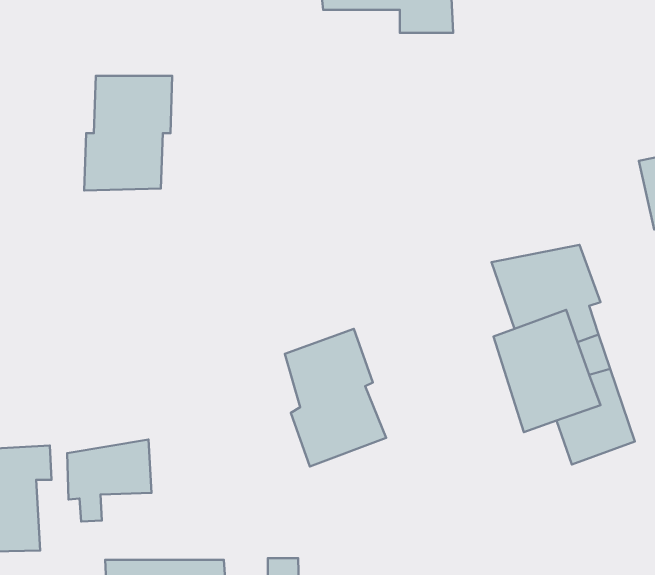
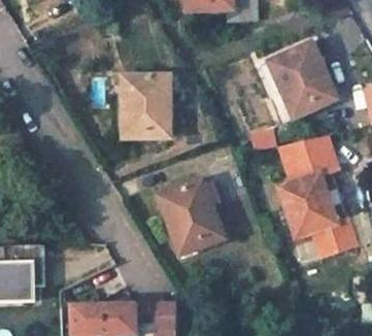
building: none -> [276,42,332,117]
building: [84,76,172,190] -> [124,75,171,137]
building: [67,440,151,521] -> none

